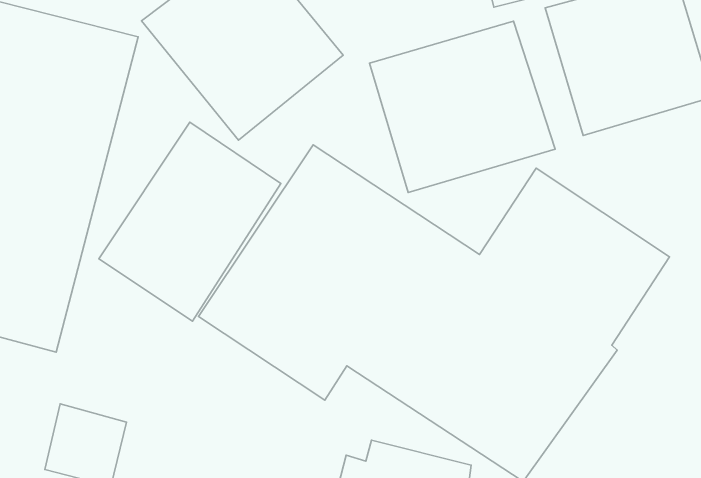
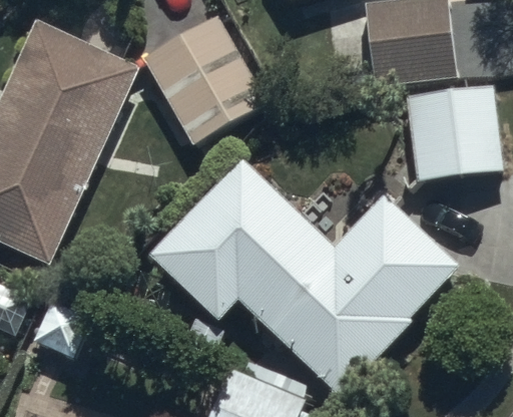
building: [370,21,555,193] -> none
building: [99,122,281,321] -> none

